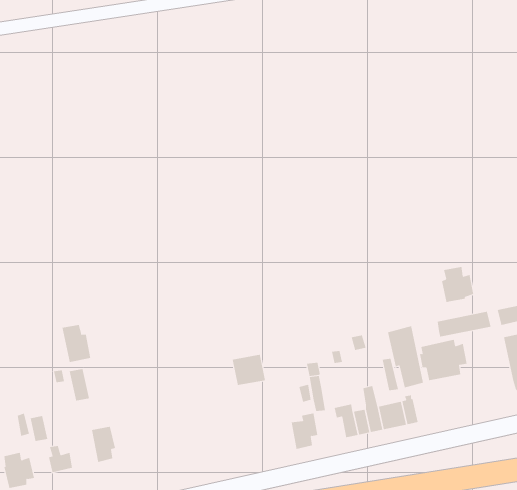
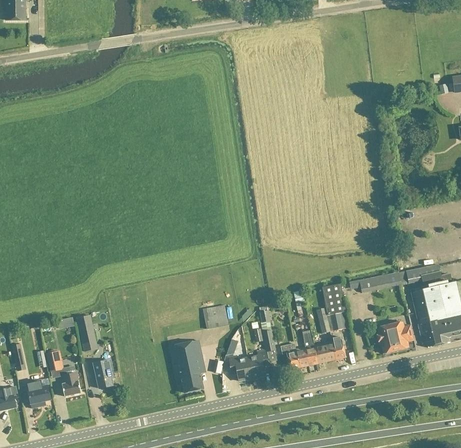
building: [442,266,474,303] -> none
building: [62,324,91,363] -> none
building: [419,339,468,381] -> [375,320,412,352]
building: none -> [168,340,204,392]
building: none -> [227,354,250,379]

